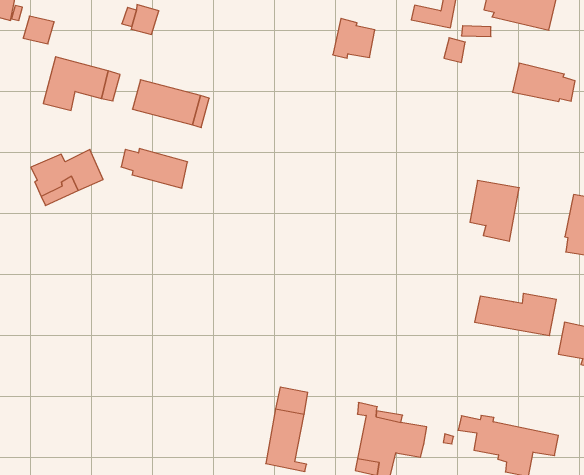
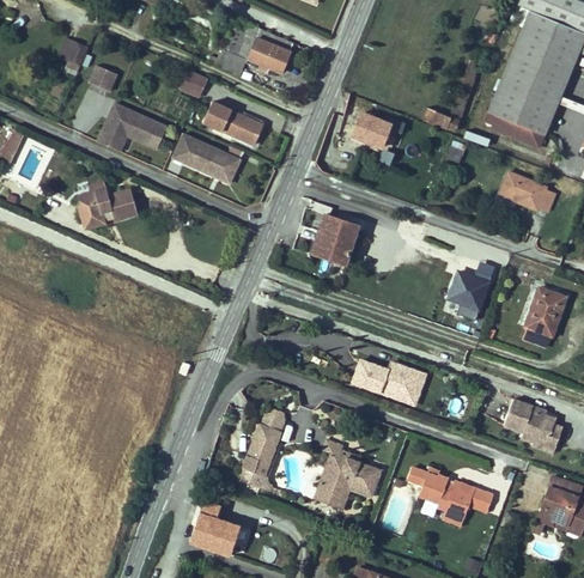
building: none -> [312,214,358,264]
building: [121,149,188,188] -> [205,104,262,145]
building: [475,293,556,336] -> [352,360,425,403]

